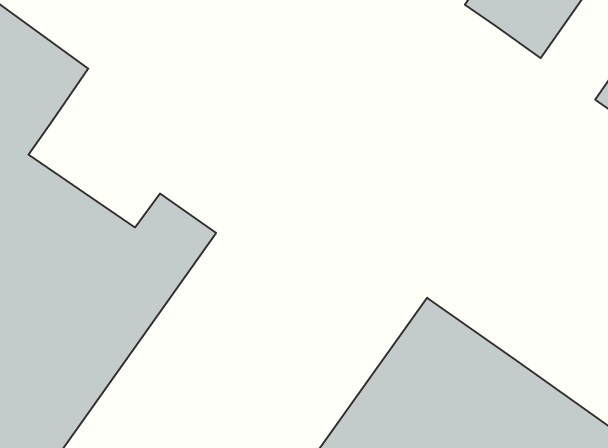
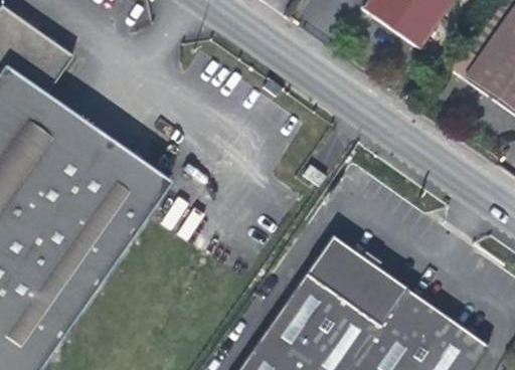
building: none -> [24,98,126,181]

